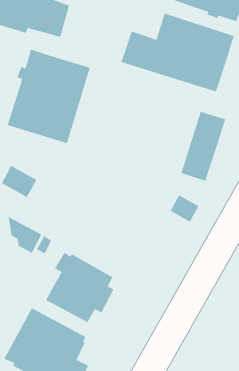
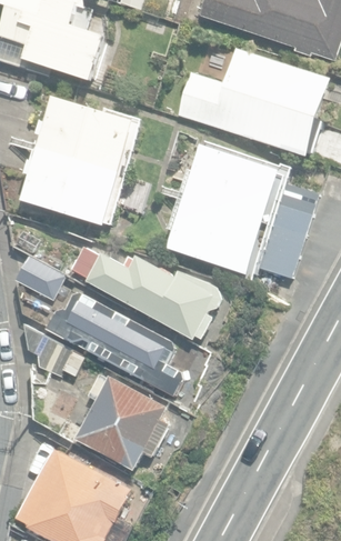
building: none -> [167,146,282,274]
building: none -> [70,246,220,341]
building: none -> [46,292,180,393]

